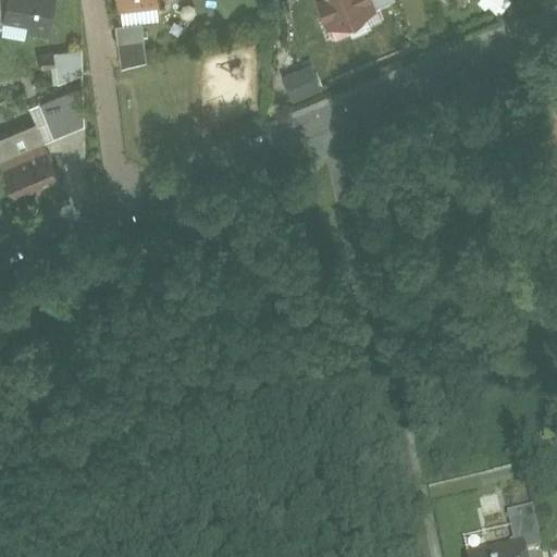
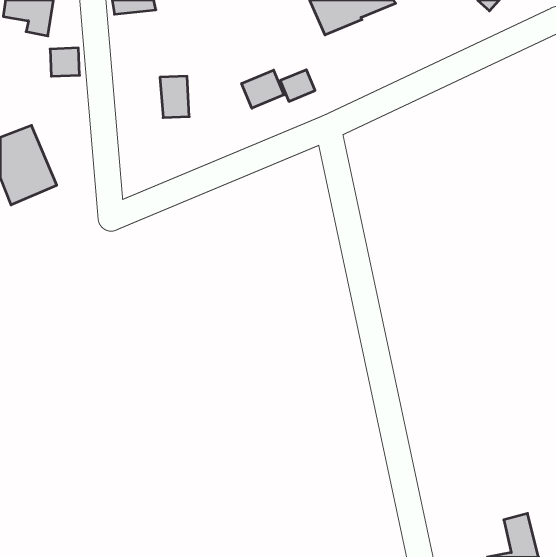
building: [114,21,144,62] -> [160,76,189,118]
building: none -> [242,70,284,108]
building: [39,90,86,143] -> none

